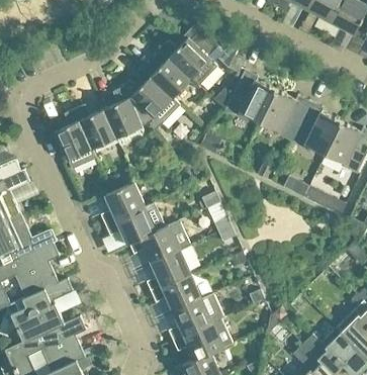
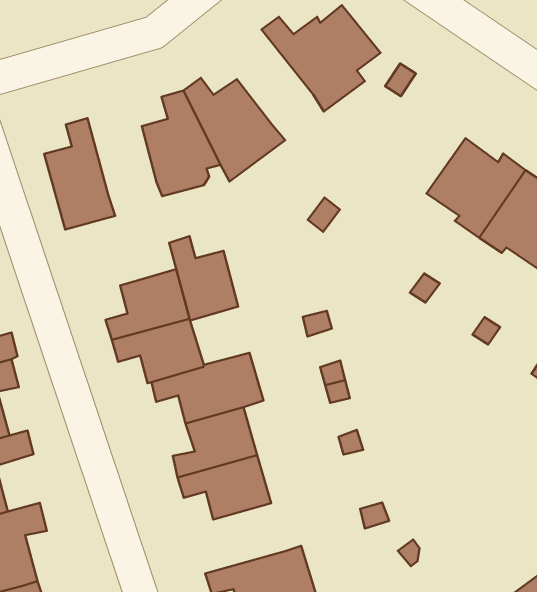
building: [151,49,192,98] -> none
building: [225,70,276,122] -> none
building: [75,104,116,149] -> [169,236,238,320]
building: [168,293,223,341] -> none

